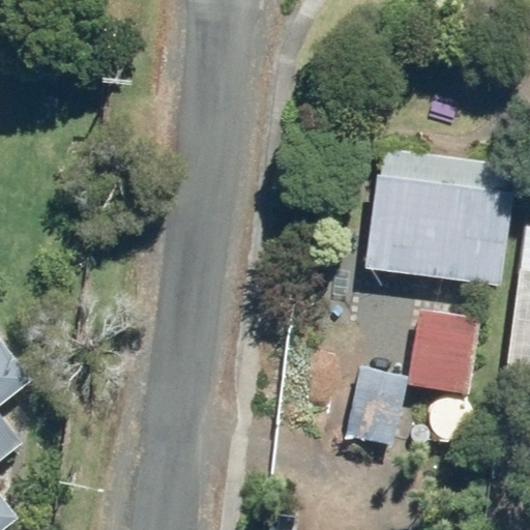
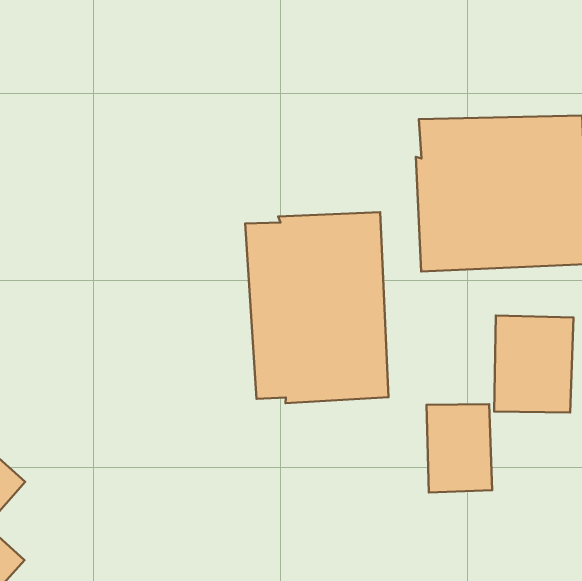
building: none -> [245,212,389,403]

